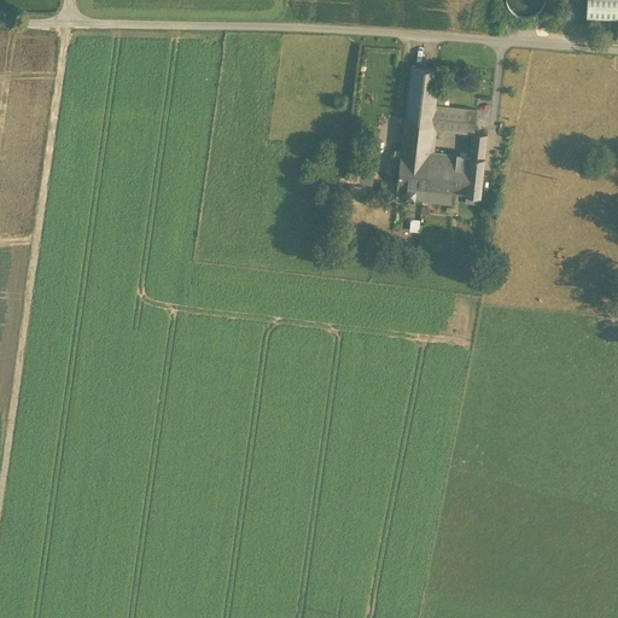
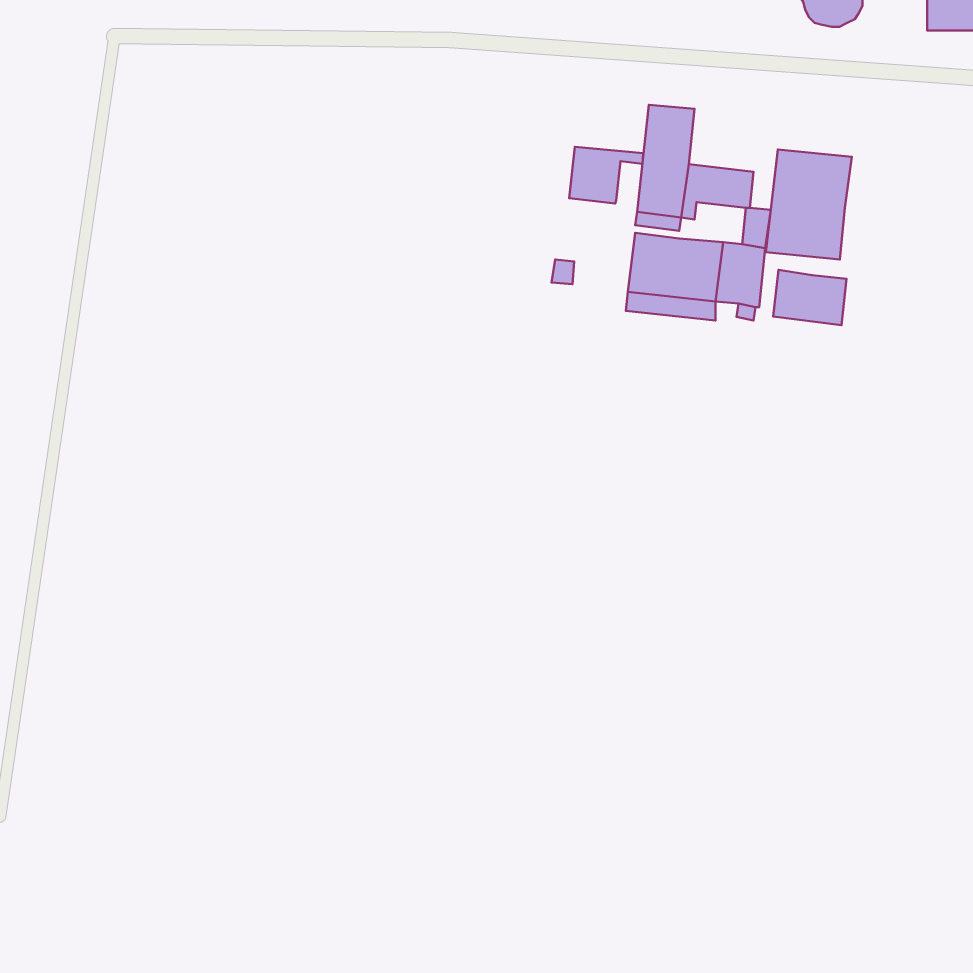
building: none -> [569,147,643,203]
building: none -> [766,149,852,260]
building: none -> [773,270,847,325]

